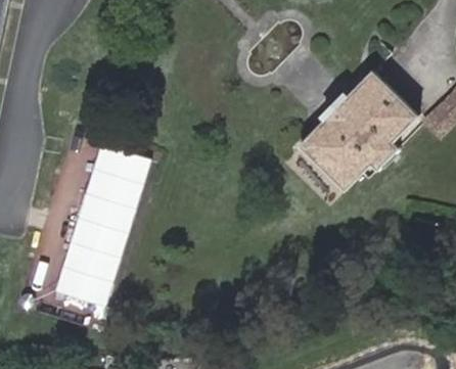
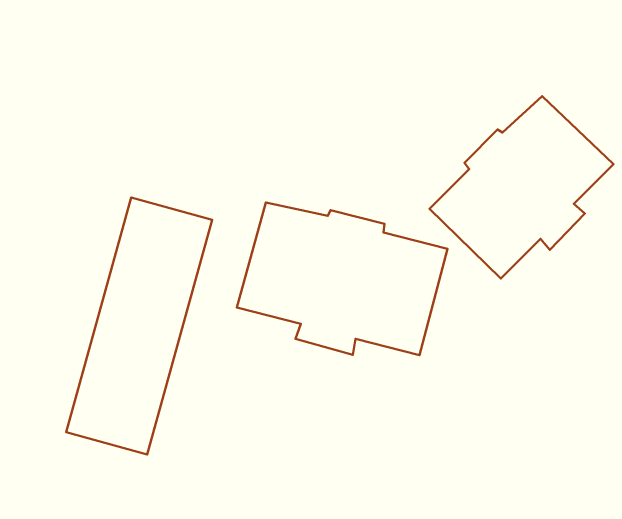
building: none -> [237,203,447,355]

